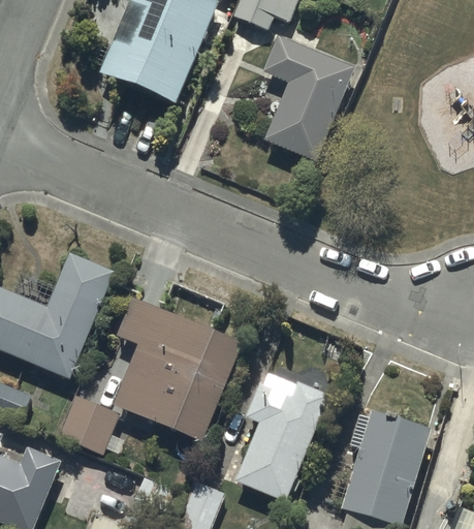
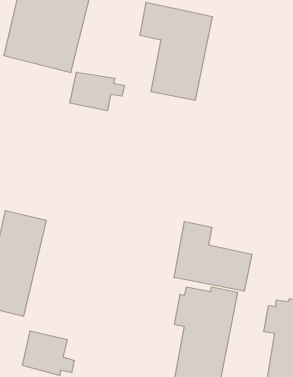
building: none -> [70,72,124,111]
building: [115,297,241,440] -> none
building: none -> [174,221,252,291]

